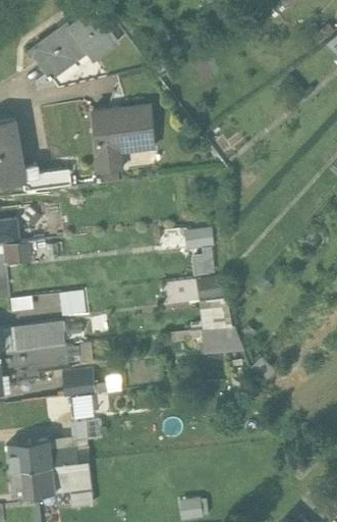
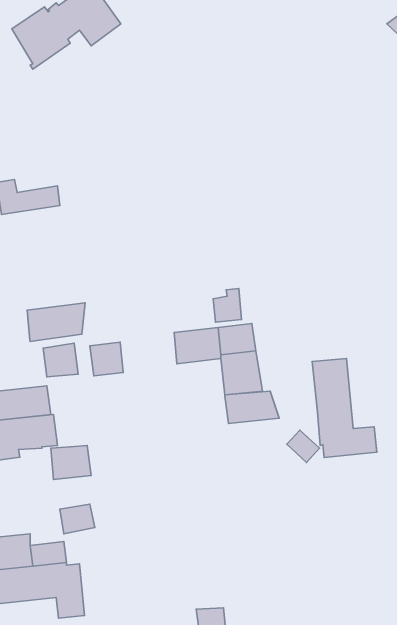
building: [93,105,154,171] -> none
building: [184,228,212,251] -> none
building: none -> [27,303,85,341]
building: none -> [90,342,123,376]
building: none -> [312,358,377,458]

